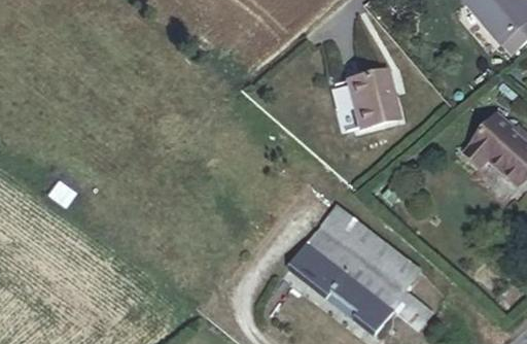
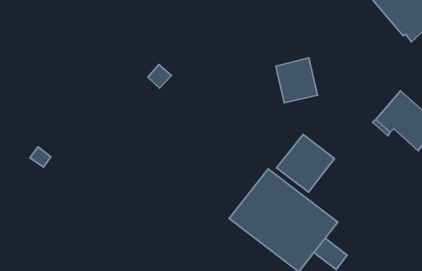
building: none -> [276,135,334,192]

